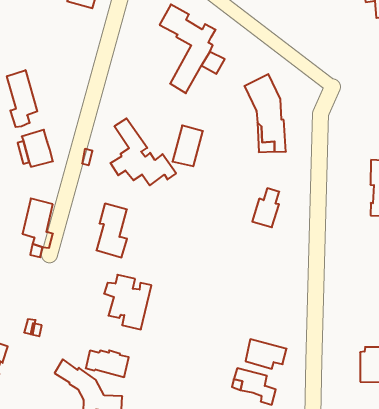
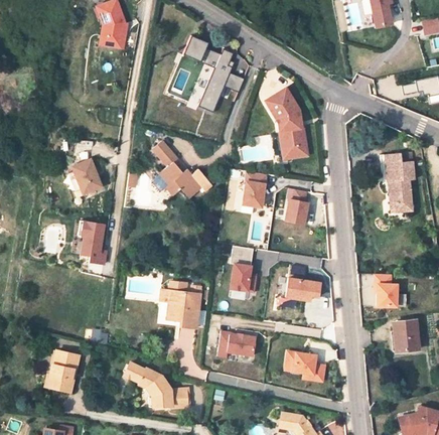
building: [7,70,37,127] -> none
building: [172,125,203,166] -> [242,171,266,206]
building: [96,204,127,257] -> [230,247,256,293]
building: none -> [375,274,397,306]
building: [246,339,287,369] -> [287,278,322,302]
building: [86,350,129,377] -> [216,334,254,356]

